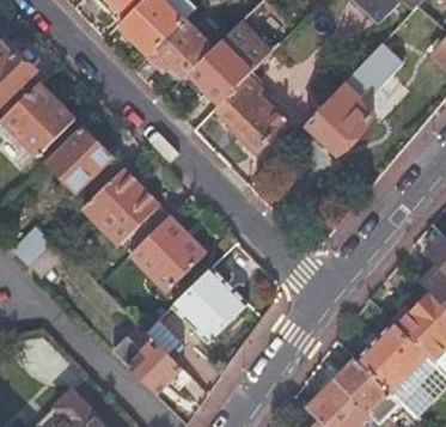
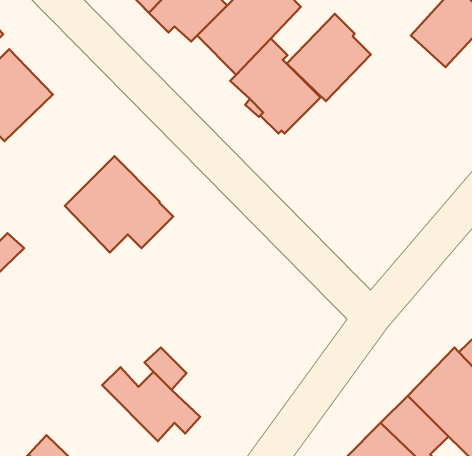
building: [306,83,373,152] -> [287,14,371,101]
building: [45,126,110,191] -> none
building: [130,214,206,291] -> none
building: [172,266,249,342] -> none

